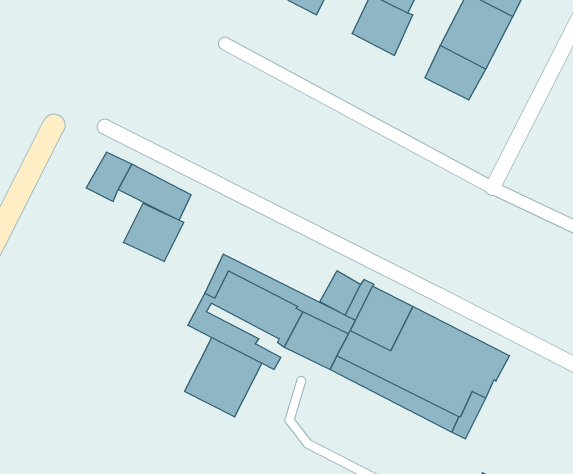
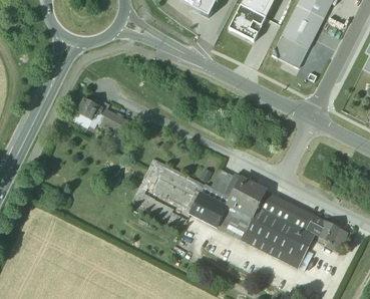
building: [123,203,184,262] -> none
building: [185,338,262,417] -> none
building: none -> [315,219,346,251]

